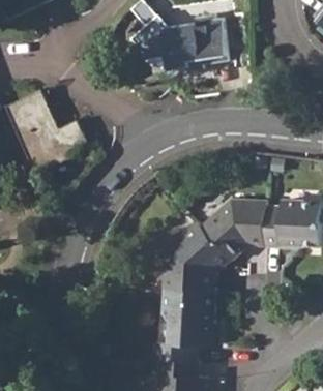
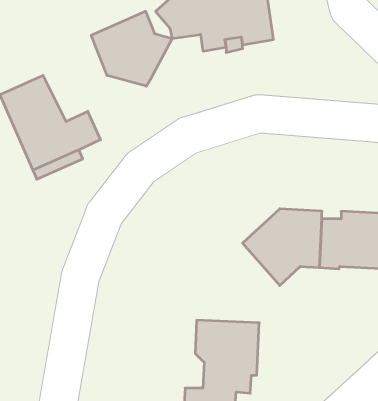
building: none -> [91,11,172,86]
building: [162,219,231,289] -> none

